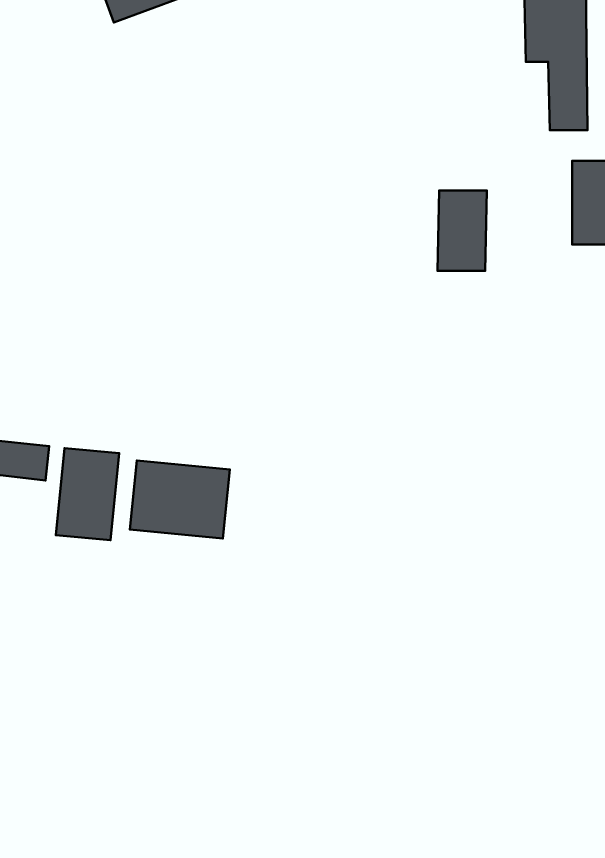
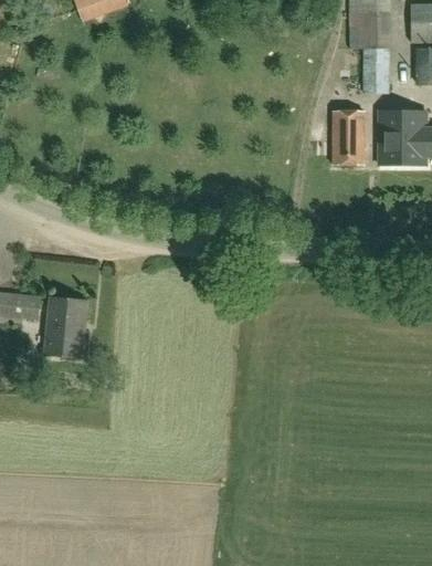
building: [437,191,487,271] -> [333,111,365,163]
building: [130,460,230,539] -> none

